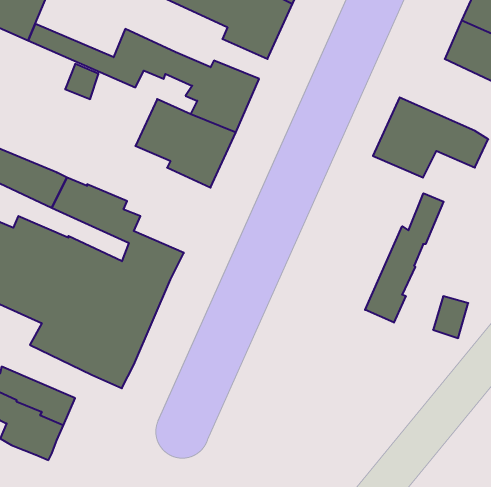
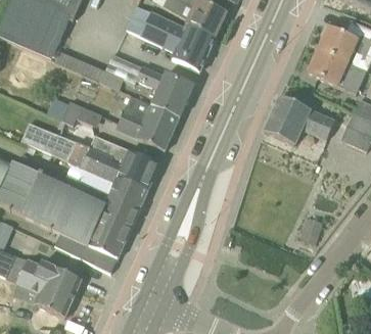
building: none -> [61,100,102,126]
building: none -> [89,136,159,190]
building: [365,193,444,323] -> none

